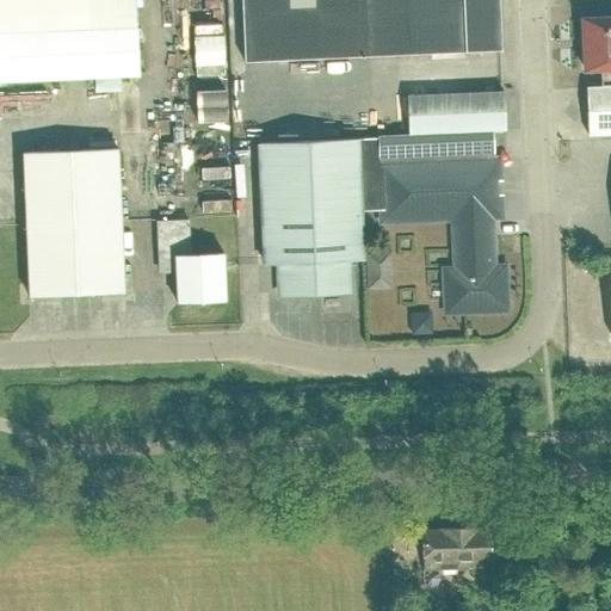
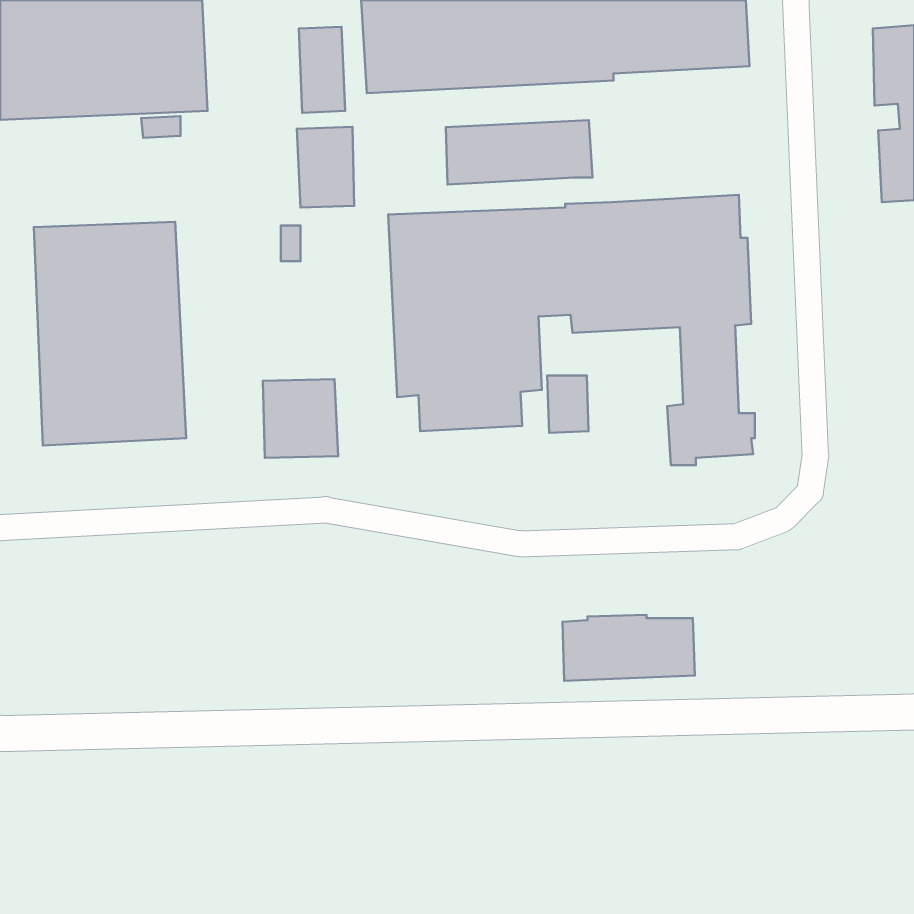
building: [407,92,505,135] -> [446,120,592,185]
building: [422,526,511,570] -> [562,615,695,681]

